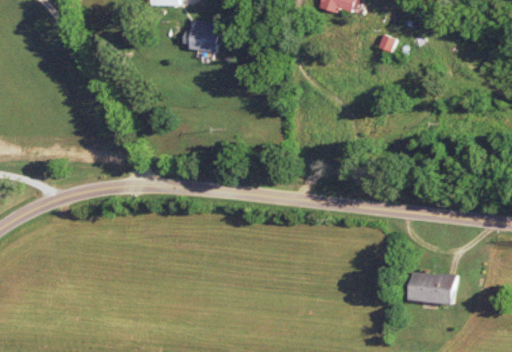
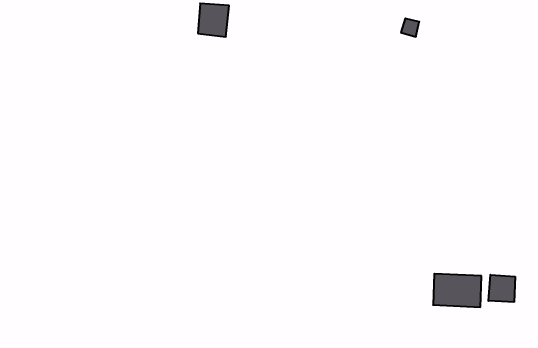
building: none -> [488,275,515,302]

